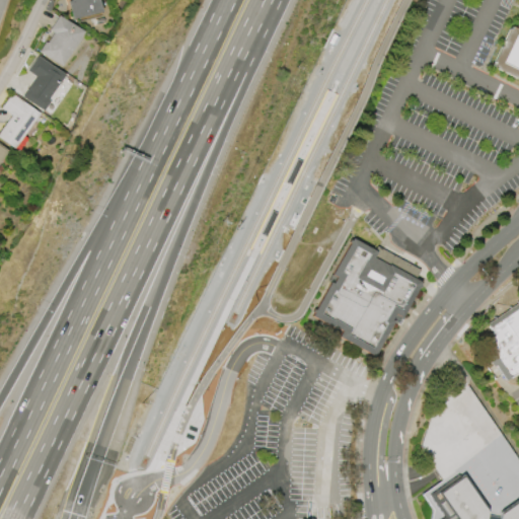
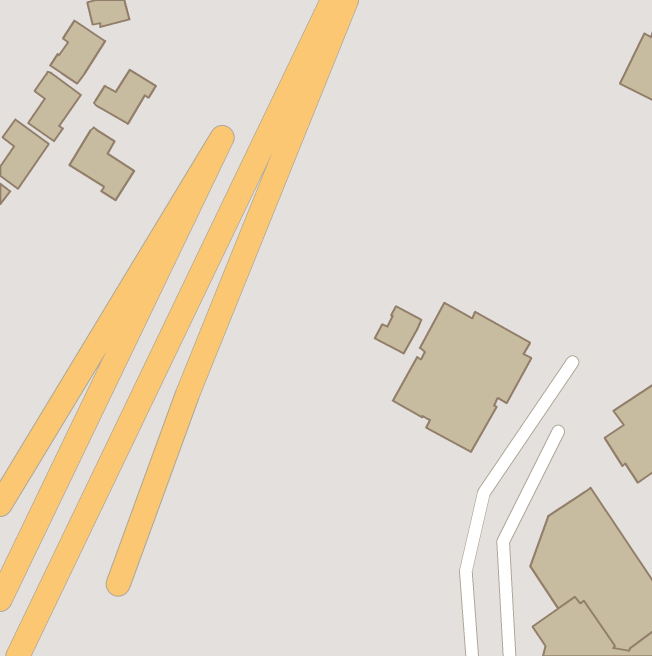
building: none -> [94,70,156,124]
building: none -> [69,127,134,200]
building: none -> [375,306,421,354]

